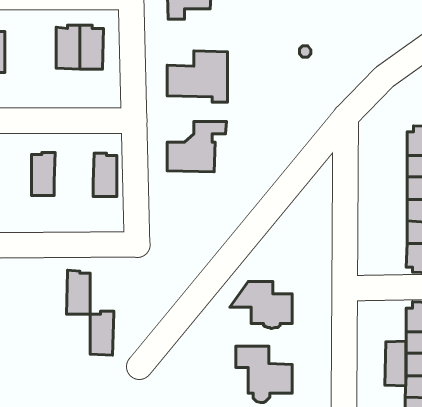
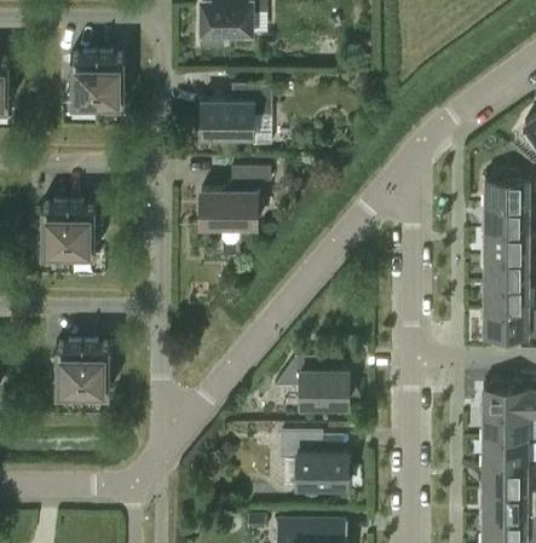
building: [93,153,117,196] -> [68,203,96,254]
building: [90,311,114,355] -> [56,342,83,394]
building: [385,341,406,386] -> none

